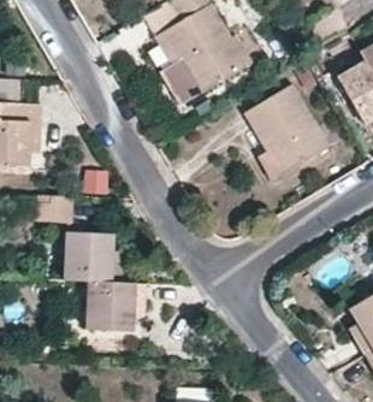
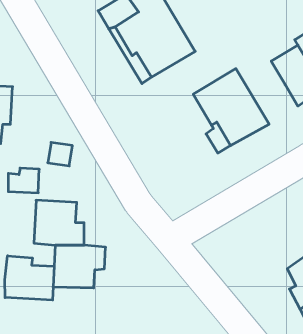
building: none -> [5,256,54,300]

